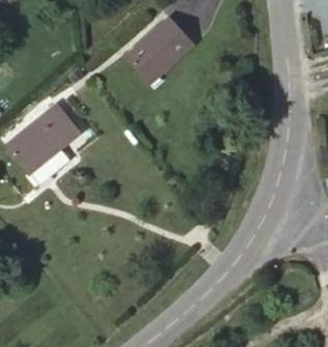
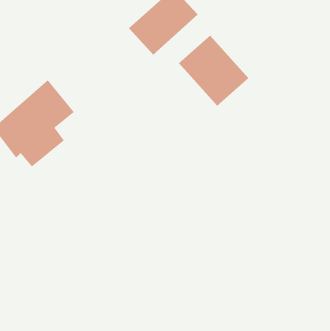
building: none -> [178,35,249,106]

